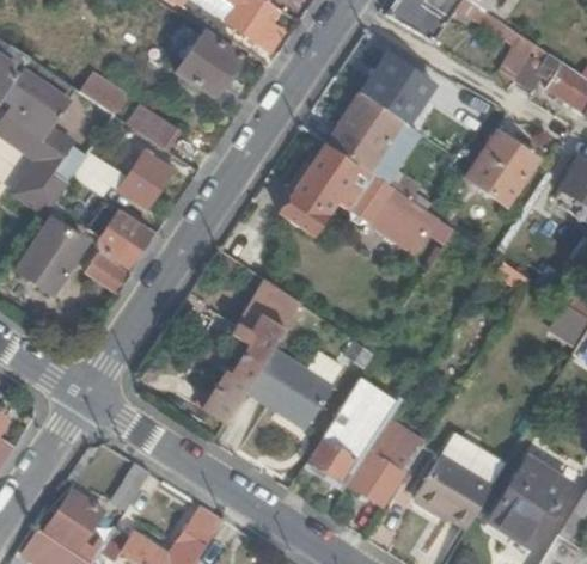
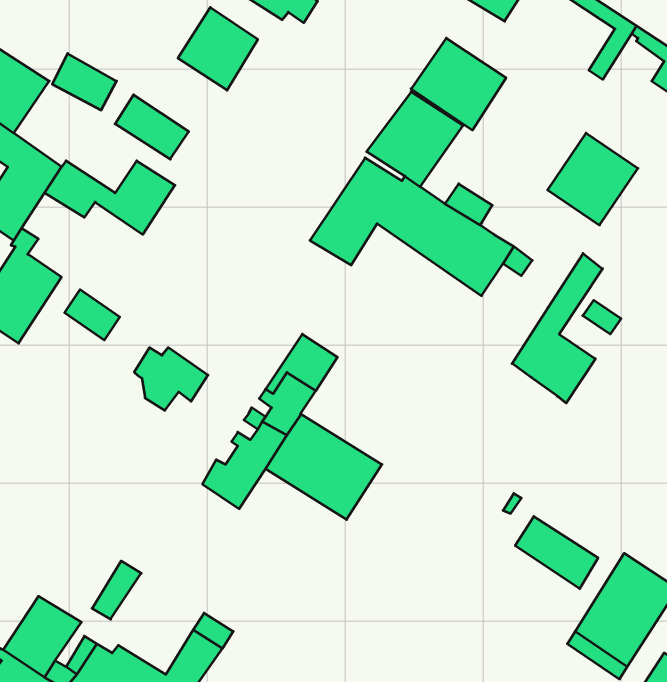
building: [94,211,152,260] -> [134,348,208,410]
building: none -> [512,253,603,403]
building: [310,384,390,480] -> none
building: [349,423,424,509] -> none
building: [412,452,490,529] -> none

